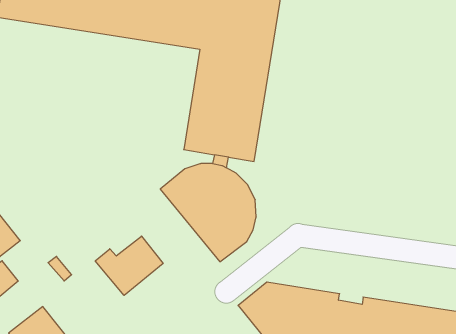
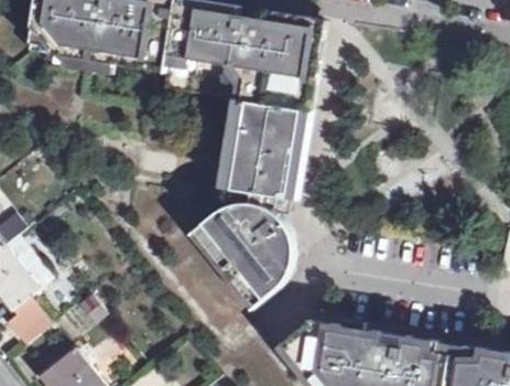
building: [95,236,163,295] -> none

